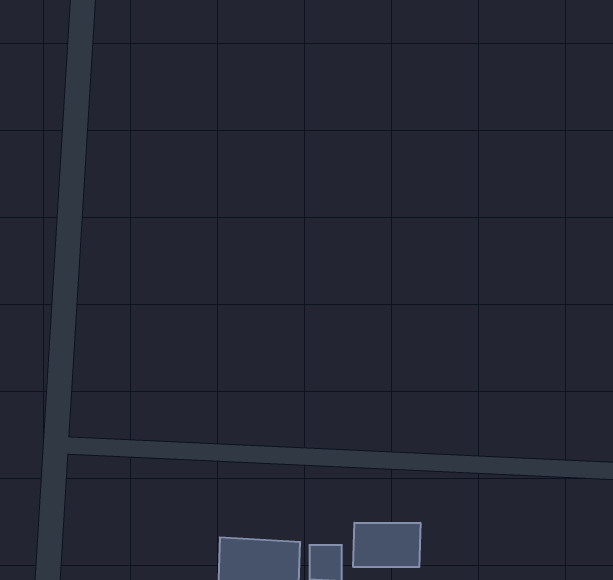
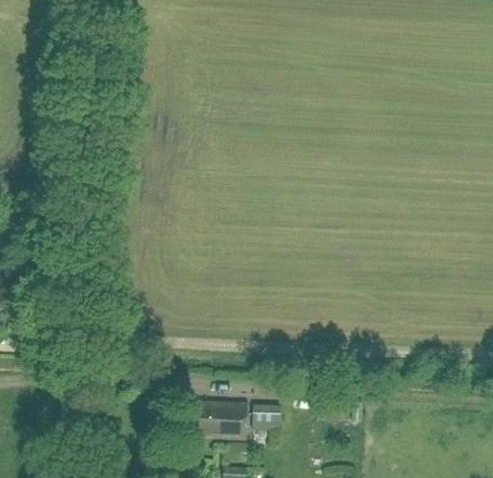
building: [353,523,420,567] -> none

